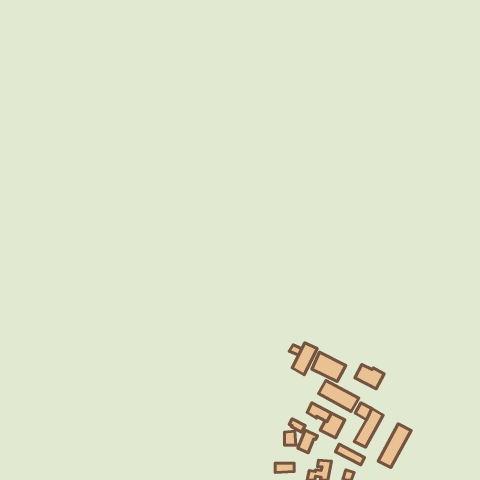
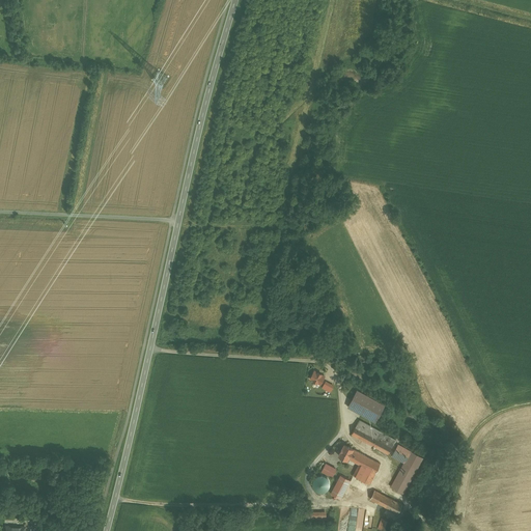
building: [292,343,317,375] -> none
building: [355,365,384,389] -> none
building: [378,424,411,468] -> none

